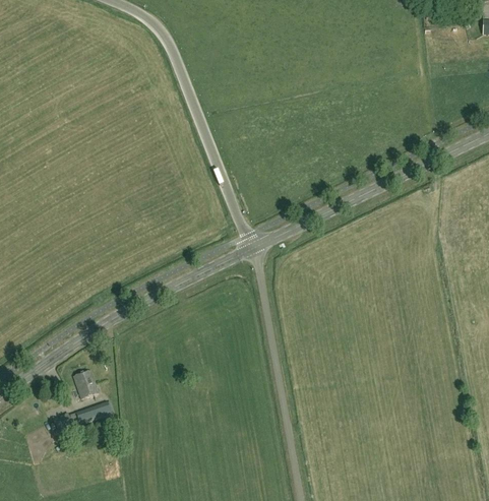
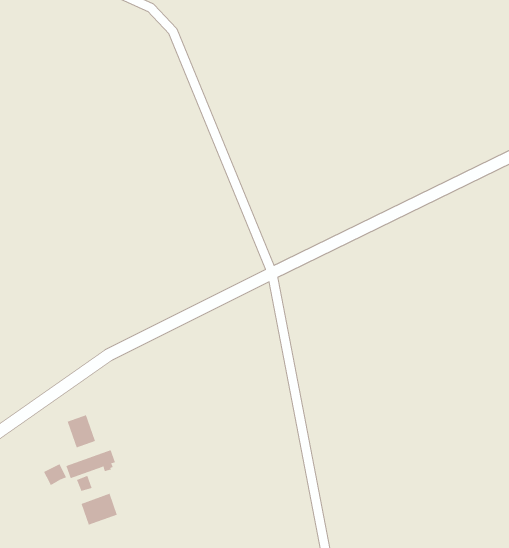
building: none -> [81,493,118,525]

